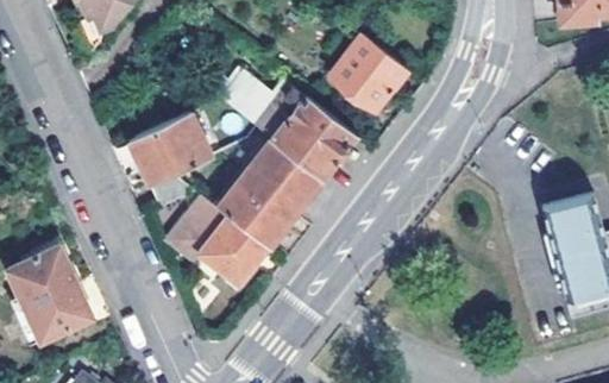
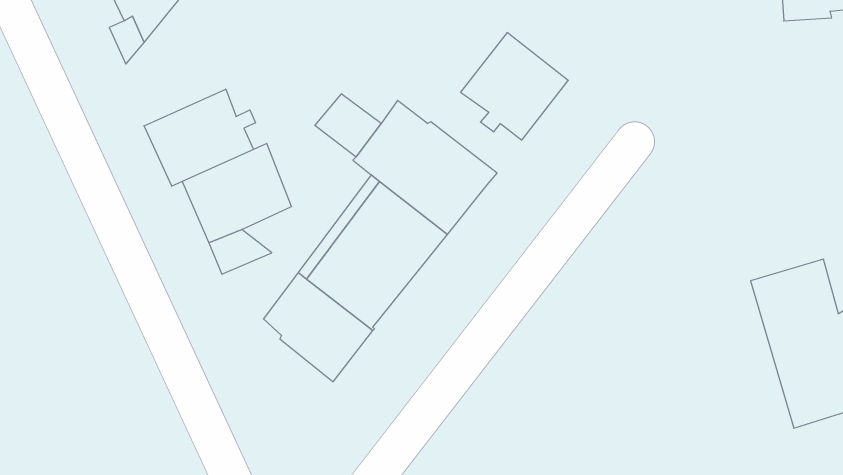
building: none -> [144,89,255,186]
building: [10,246,93,340] -> none

